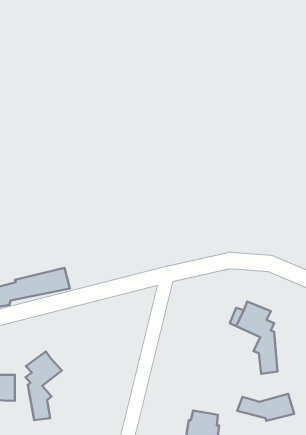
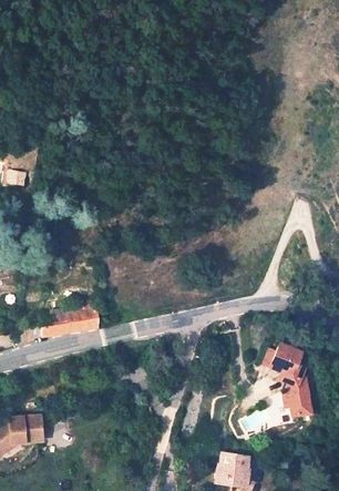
building: [26,352,62,420] -> none
building: [237,394,294,421] -> none

